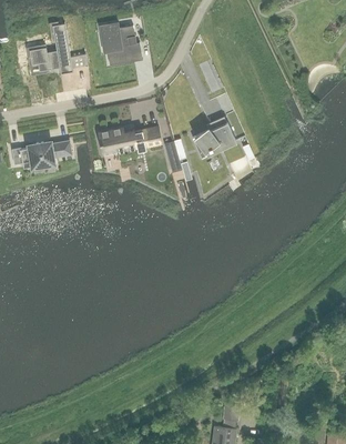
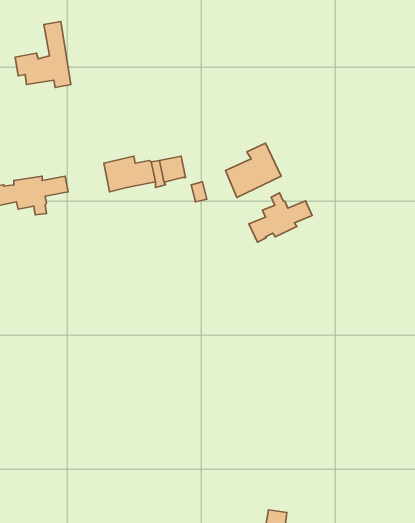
building: [100,23,141,61] -> none
building: none -> [249,193,312,242]

